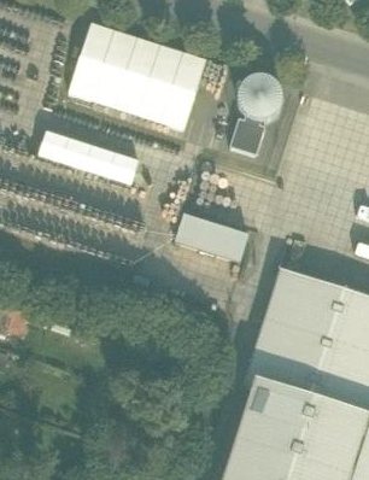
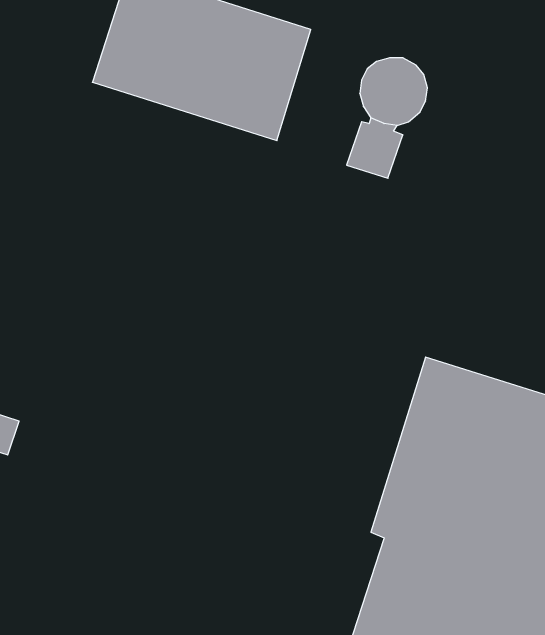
building: [39,130,140,185] -> none
building: [175,213,250,262] -> none

